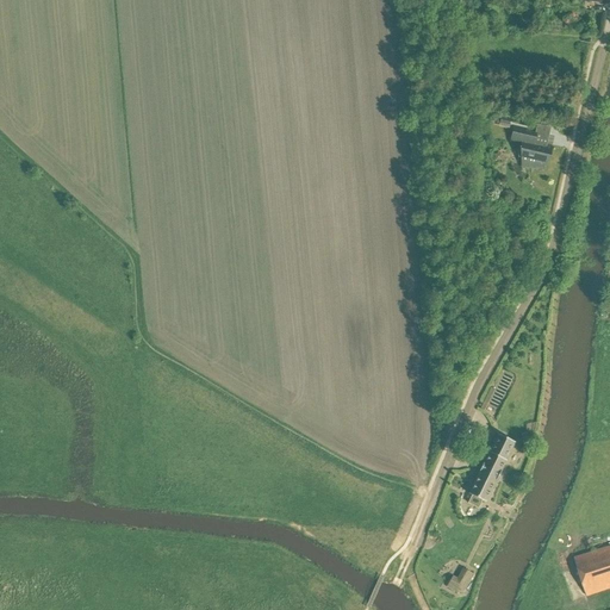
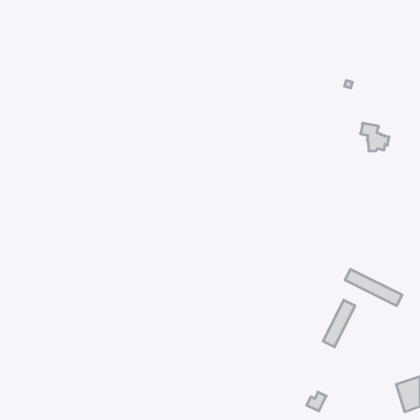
building: [511,127,553,168] -> [360,123,389,151]
building: none -> [345,269,402,306]

